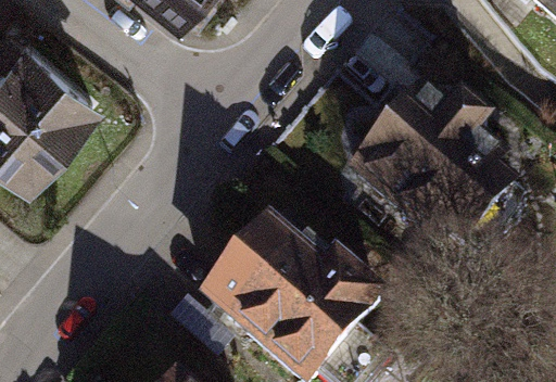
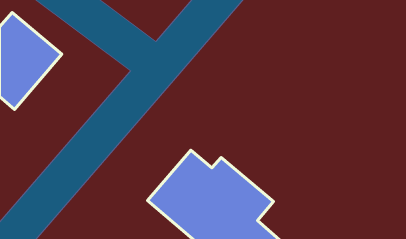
building: [350,96,504,245] -> none

